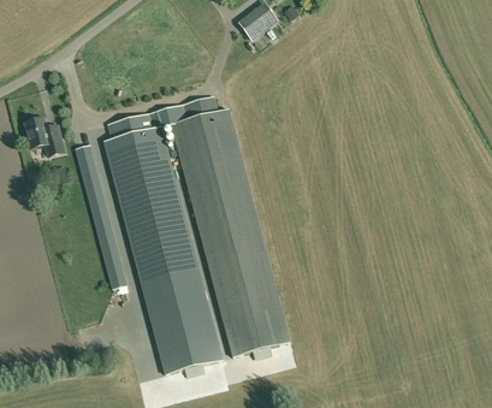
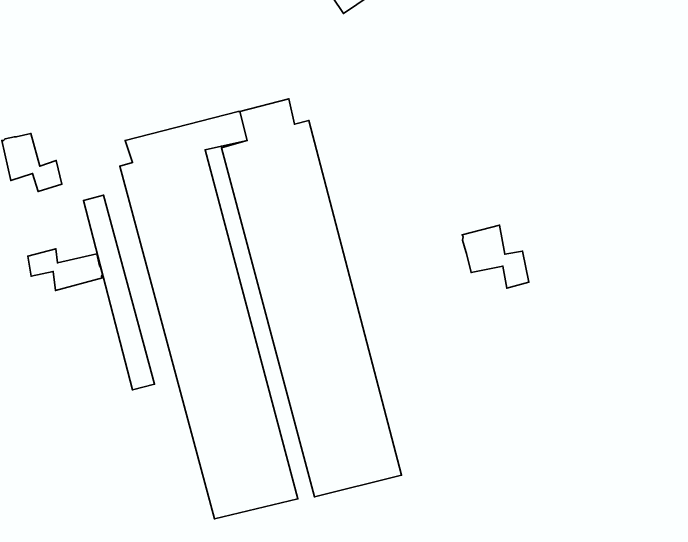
building: none -> [462,225,529,288]
building: none -> [28,249,103,290]

